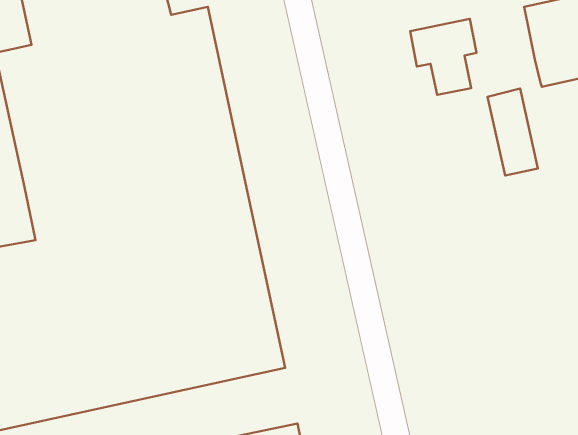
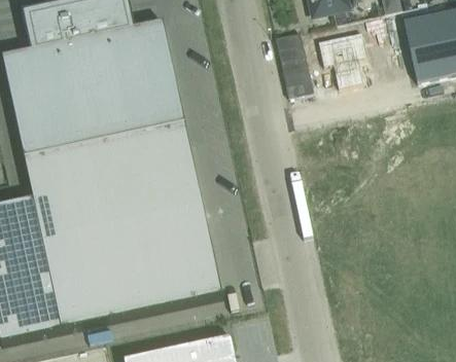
building: [488,89,538,175] -> [274,29,312,95]

